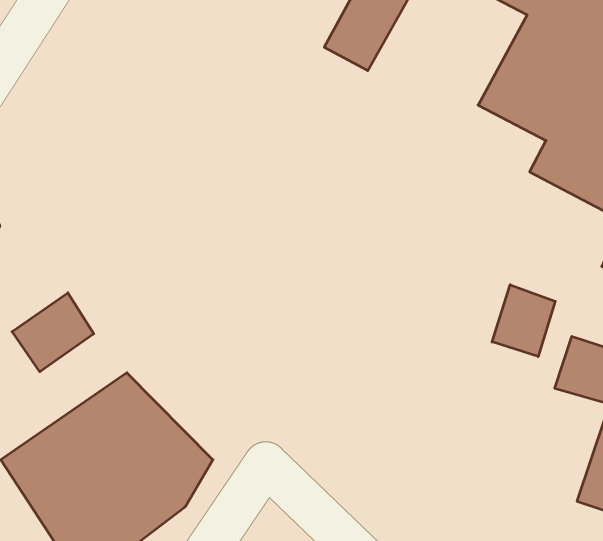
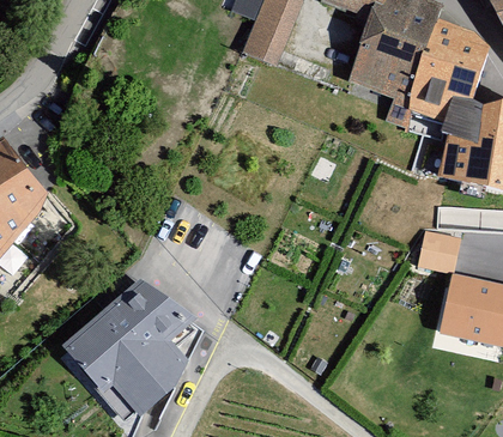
building: [492,285,555,357] -> none
building: [12,293,94,372] -> none

